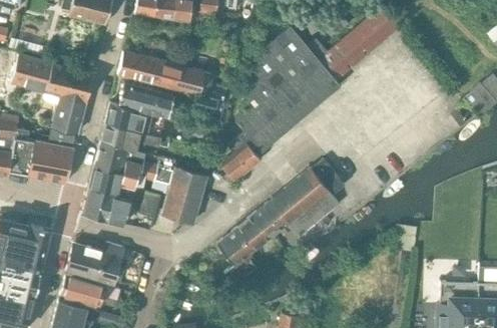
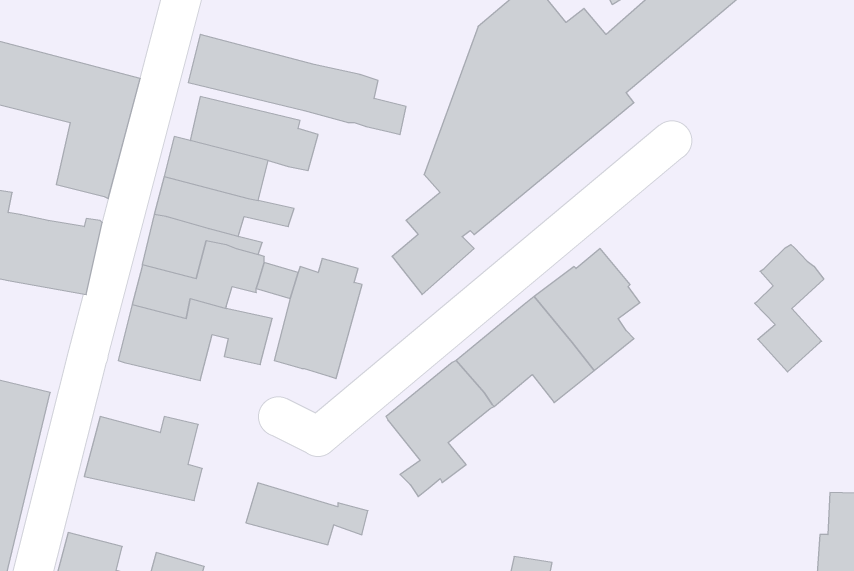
building: none -> [755,245,824,372]
building: [60,275,121,306] -> [246,483,368,545]

